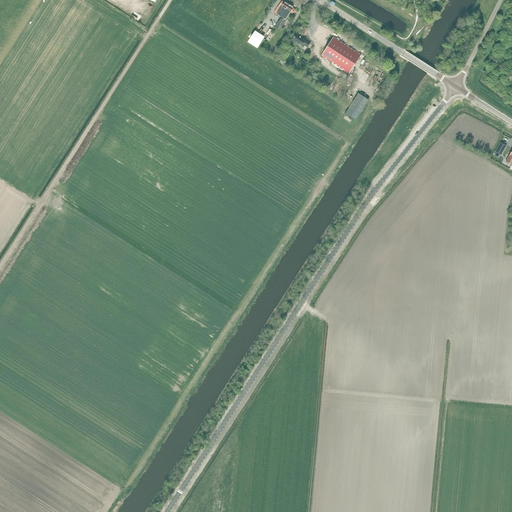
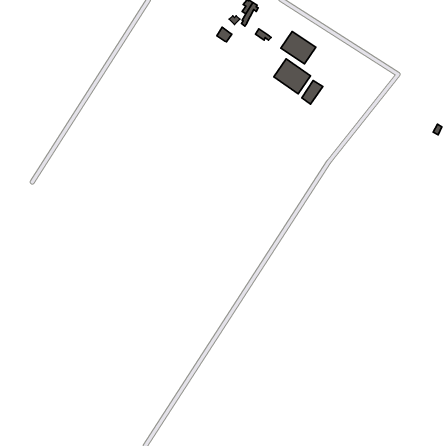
building: none -> [274,59,311,94]

